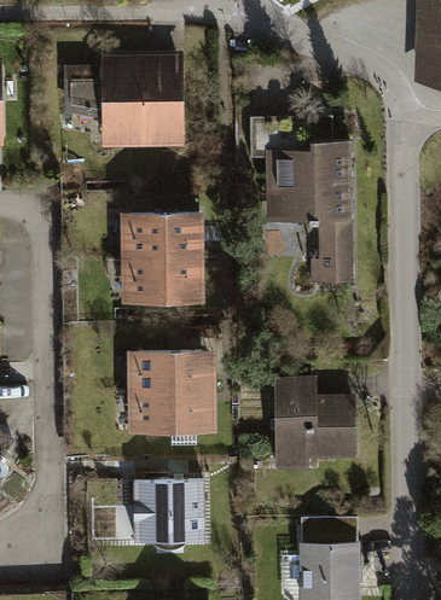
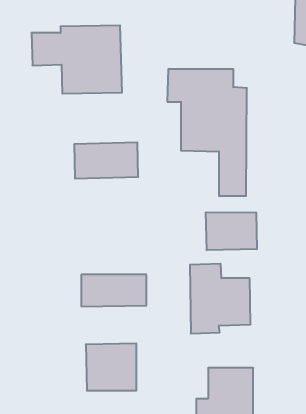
building: [121,260,207,307] -> none
building: none -> [206,212,257,250]
building: [129,350,216,390] -> none

